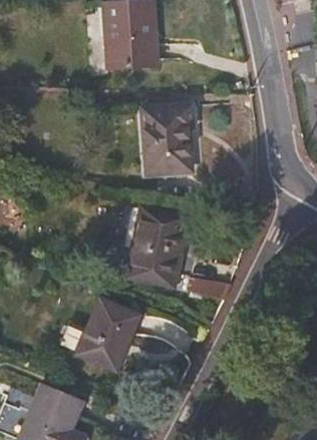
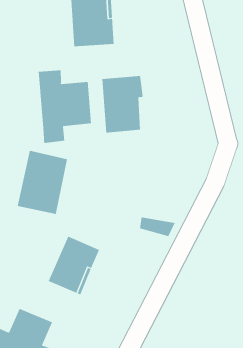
building: none -> [38,69,91,144]
building: [126,207,189,286] -> [17,150,68,214]

